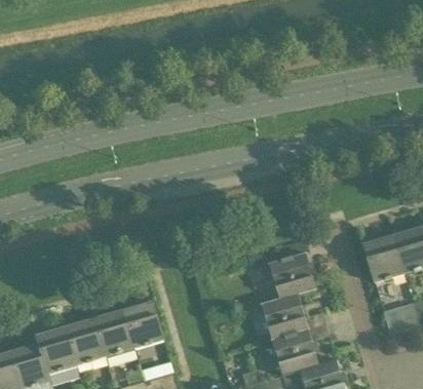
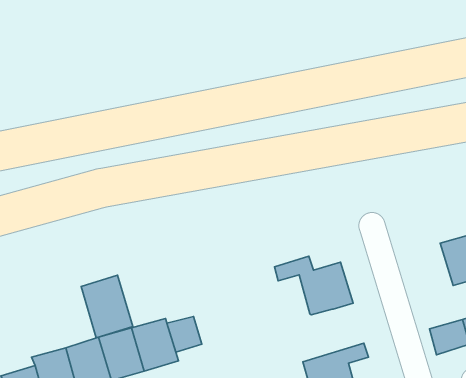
building: [363,235,403,281] -> none
building: none -> [81,275,133,338]
building: [261,293,325,339] -> none
building: none -> [167,316,202,352]

